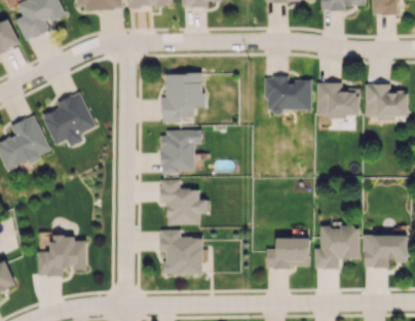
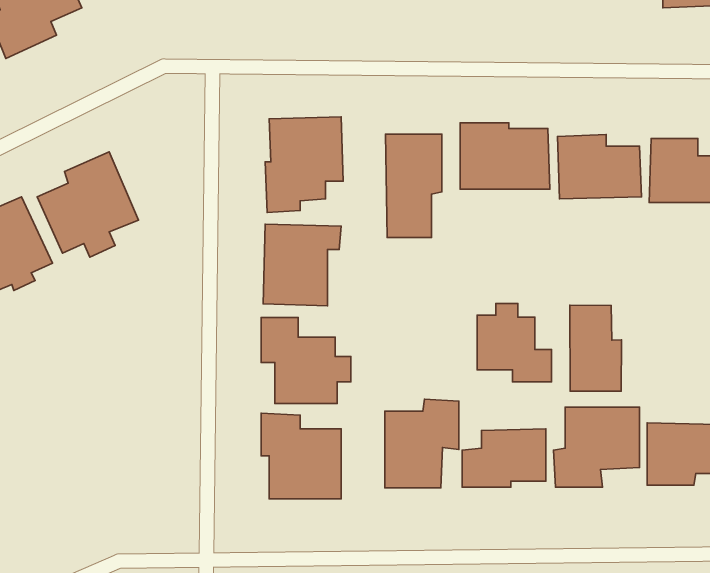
building: none -> [386,134,442,238]
building: none -> [477,303,552,382]
building: none -> [570,305,621,391]
building: none -> [385,399,459,488]
building: [38,236,86,276] -> none

